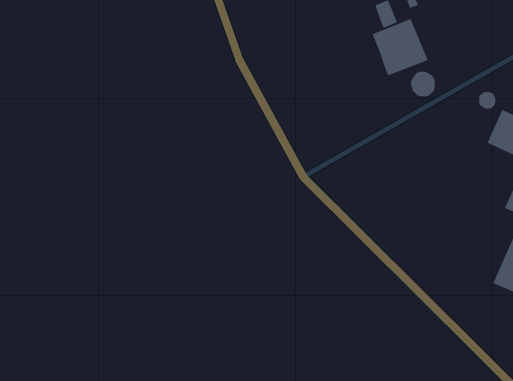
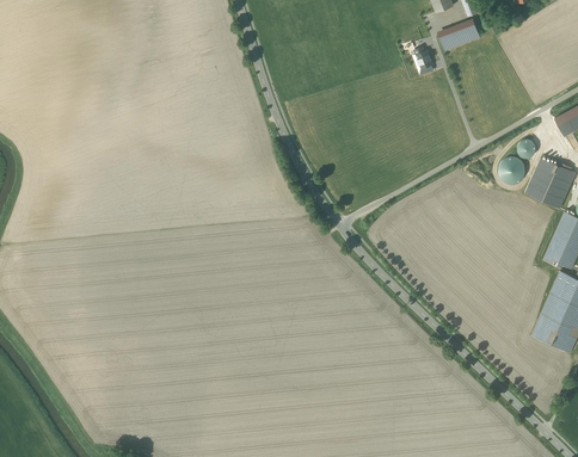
building: [372,18,428,76] -> none
building: [410,71,436,97] -> [498,156,524,183]

